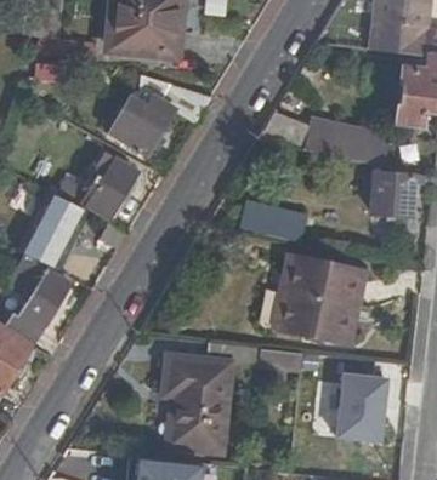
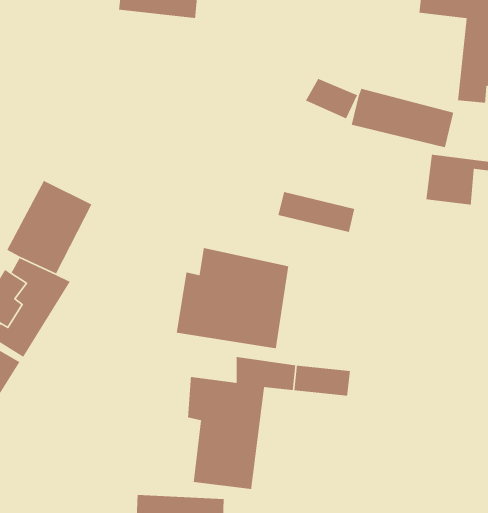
building: [107,85,212,156] -> none
building: [84,160,136,219] -> none
building: [267,258,363,344] -> [176,247,289,349]
building: [334,371,386,442] -> none

